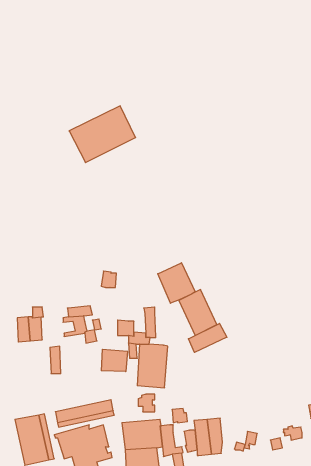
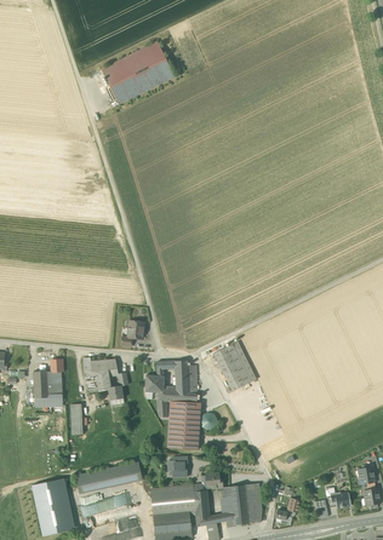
building: [69,106,136,163] -> [101,41,175,104]
building: [158,263,195,303] -> none
building: [188,323,227,352] -> none
building: [101,349,128,372] -> none

